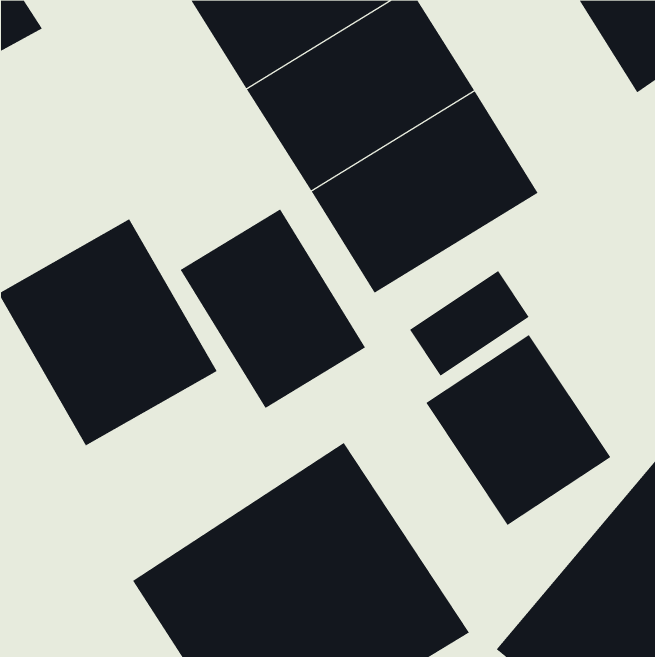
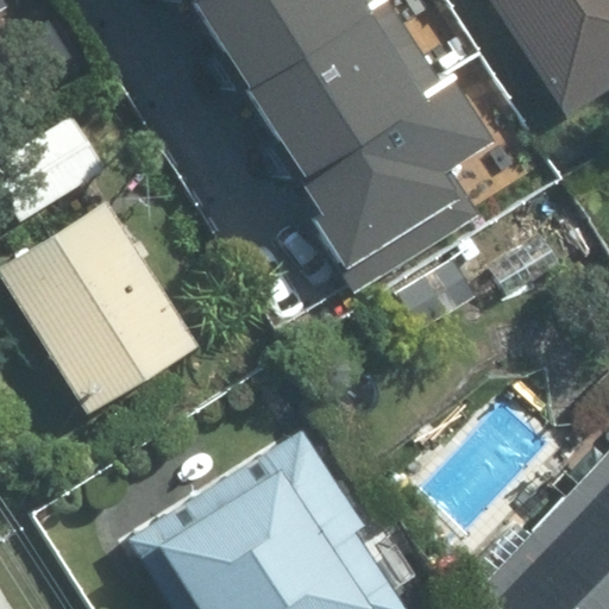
building: [180,208,366,409] -> none
building: [425,334,611,526] -> none

